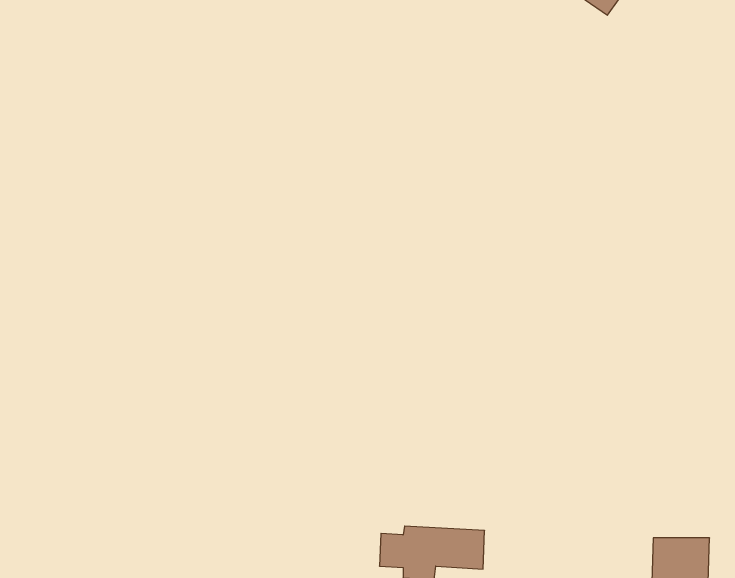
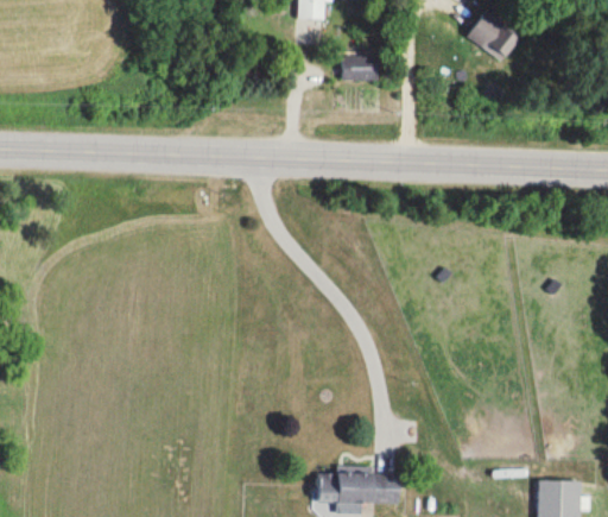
building: none -> [342,56,380,82]

